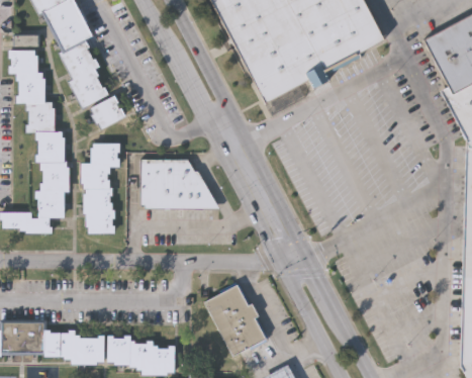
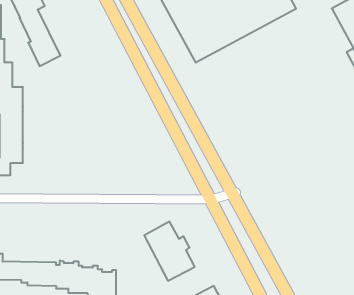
building: [90,95,124,128] -> none
building: [82,143,120,233] -> none
building: [140,159,219,208] -> none

